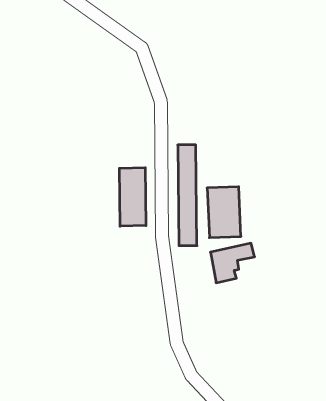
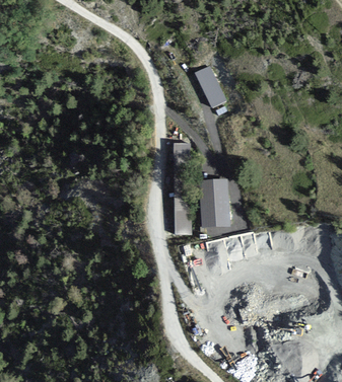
building: none -> [194,63,226,105]
building: [119,168,146,226] -> none

